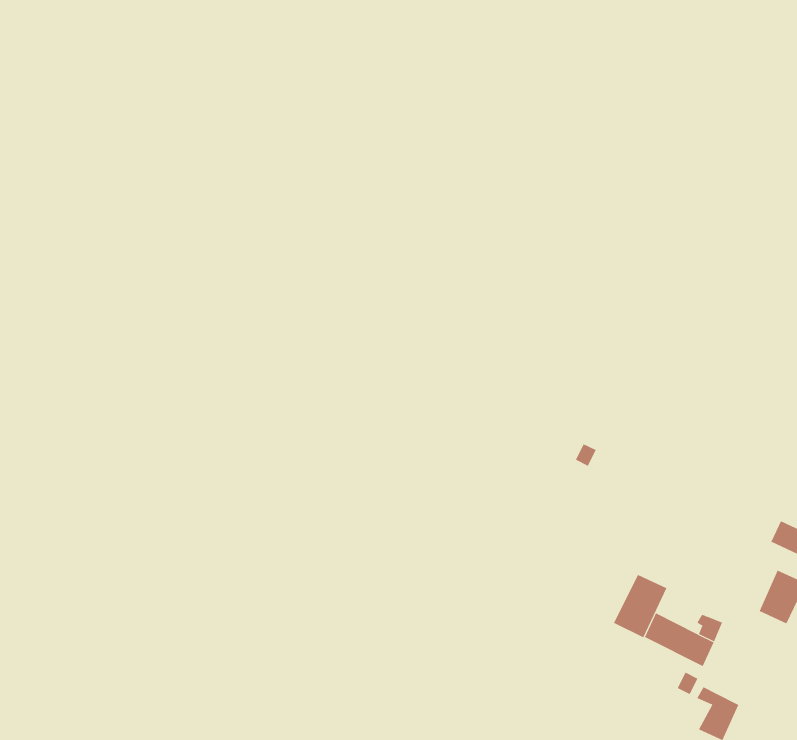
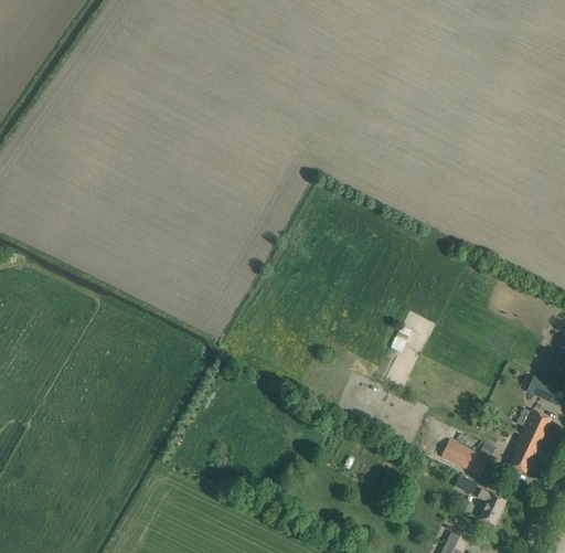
building: [613,574,667,638] -> none
building: none -> [509,438,537,474]

